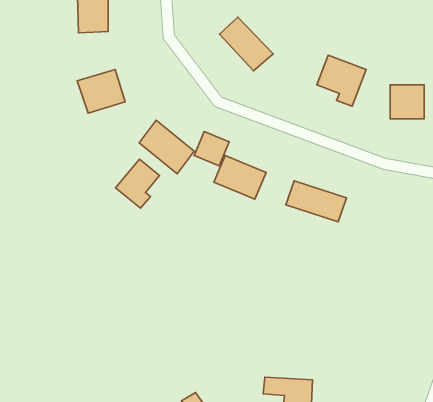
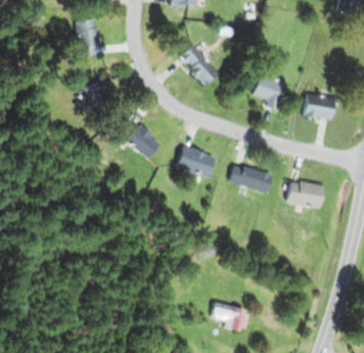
building: [194,131,229,166] -> none
building: [116,159,160,208] -> none
building: none -> [285,180,323,208]

